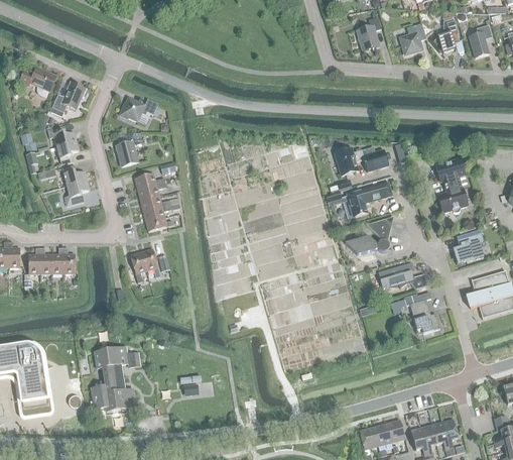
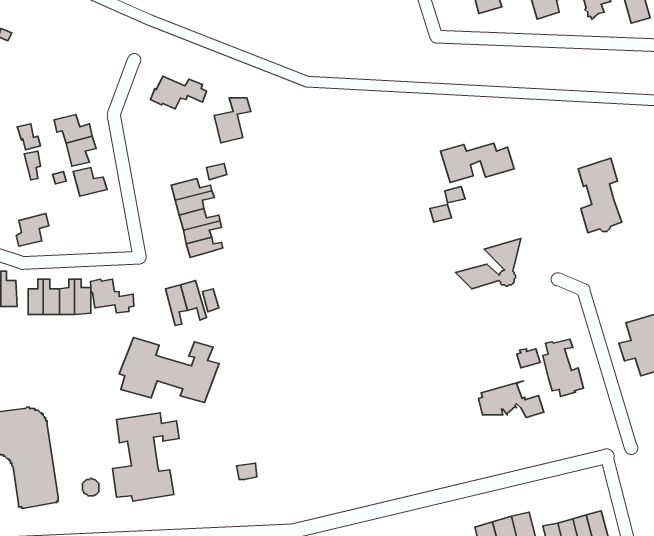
building: [19,66,56,97] -> none
building: [51,81,85,111] -> none
building: [116,131,143,164] -> [214,98,251,143]
building: [65,180,89,204] -> [16,214,49,246]
building: [346,181,392,216] -> none
building: [454,228,483,262] -> none
building: none -> [90,279,134,313]
building: [379,261,427,289] -> [478,381,544,417]
building: none -> [119,337,219,402]

